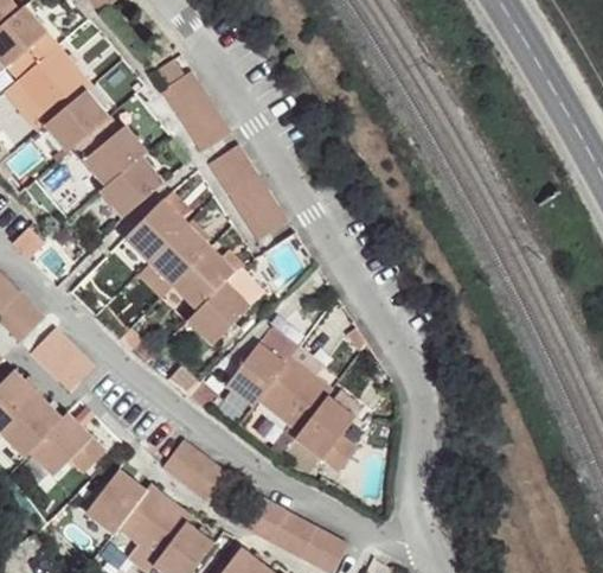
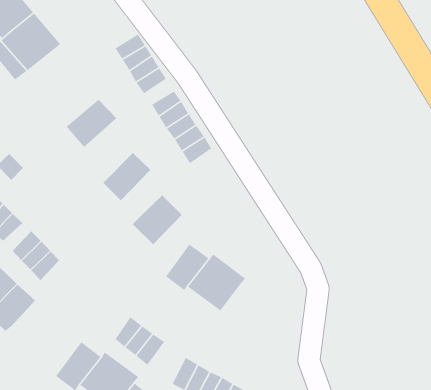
building: [43,91,109,151] -> none
building: [81,123,148,187] -> none
building: [121,200,185,265] -> none
building: [169,248,232,311] -> none
building: [293,395,359,472] -> none
building: [28,412,105,475] -> none

